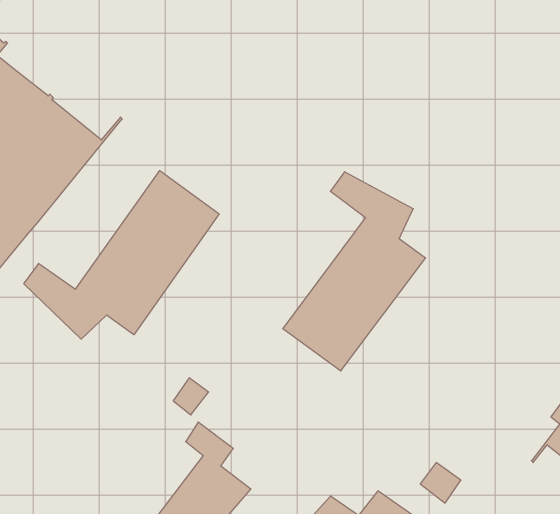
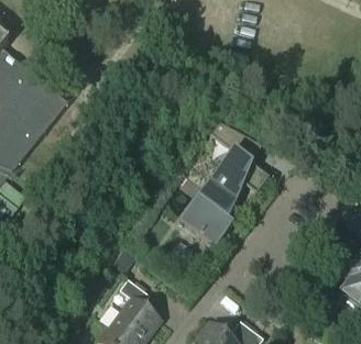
building: [24,171,219,339] -> none

